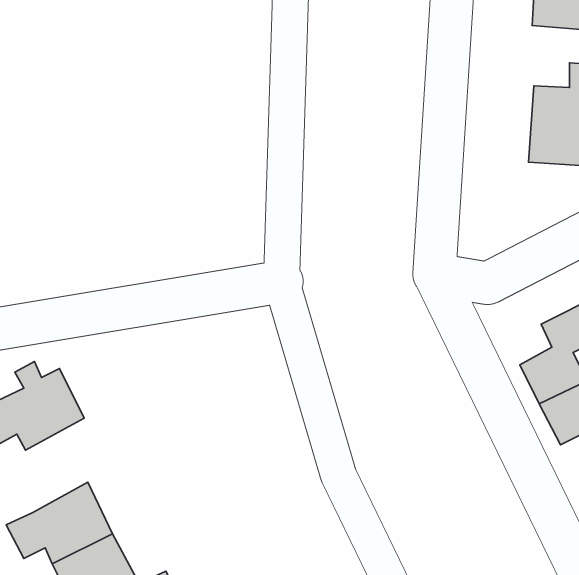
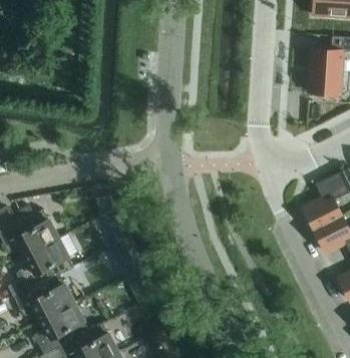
building: none -> [18,237,73,290]

